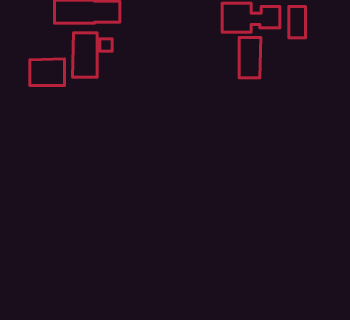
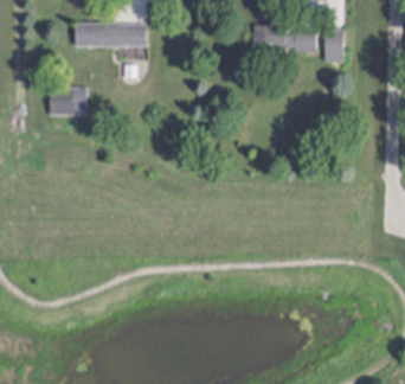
building: [73,33,97,77] -> none
building: [239,38,261,78] -> none

